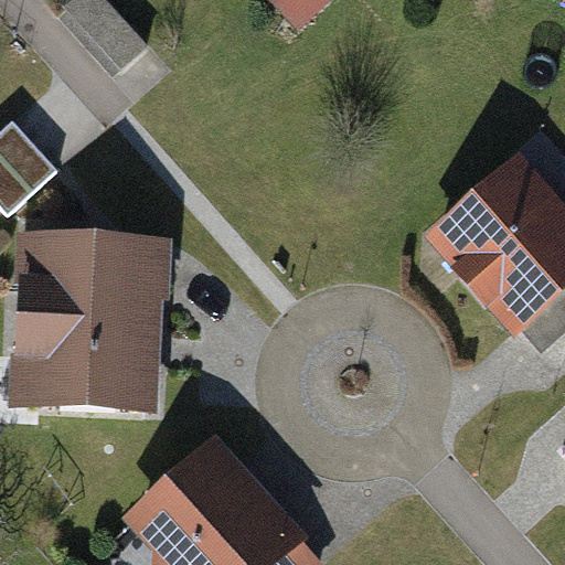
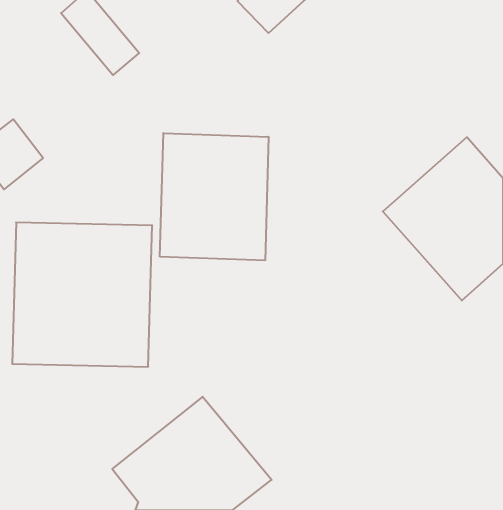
building: none -> [160,133,269,260]

